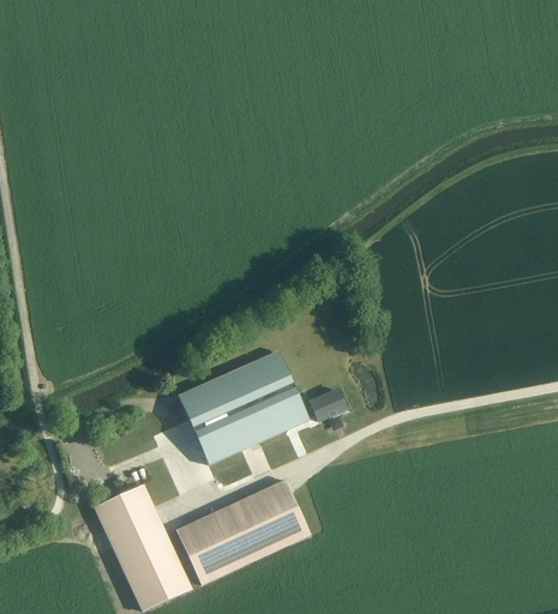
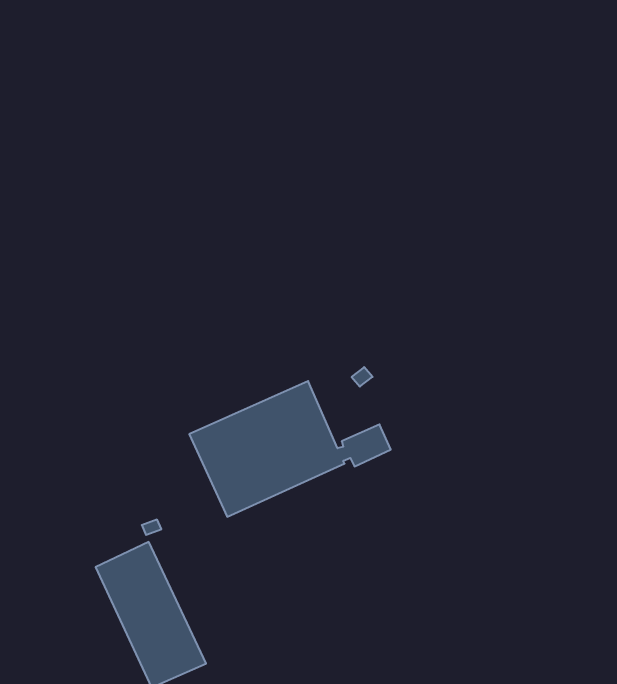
building: [173,480,307,583] -> none

